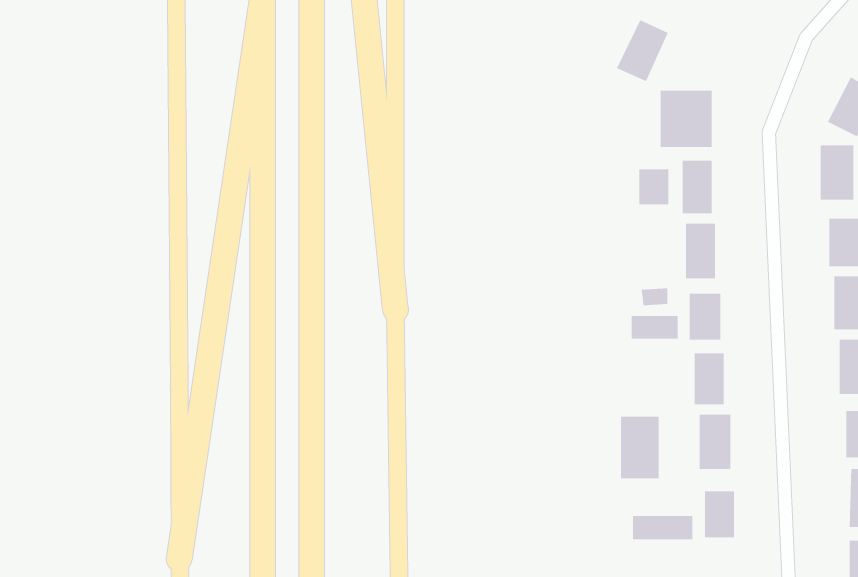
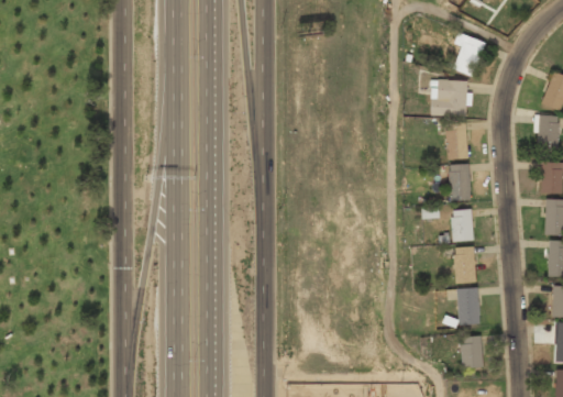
building: [616,19,669,82] -> [452,35,486,76]
building: [638,169,669,205] -> none
building: [631,315,678,339] -> none
building: [620,416,660,479] -> none
building: [632,515,693,540] -> none

